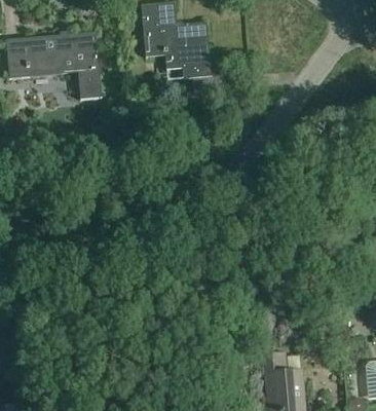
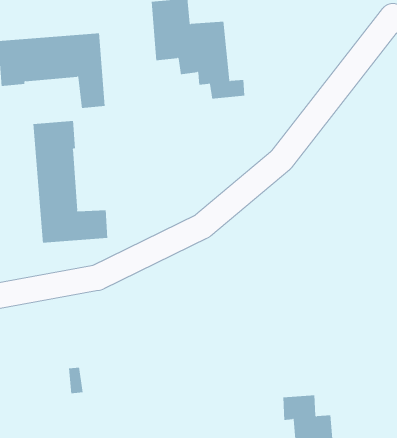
building: none -> [33,120,108,244]

